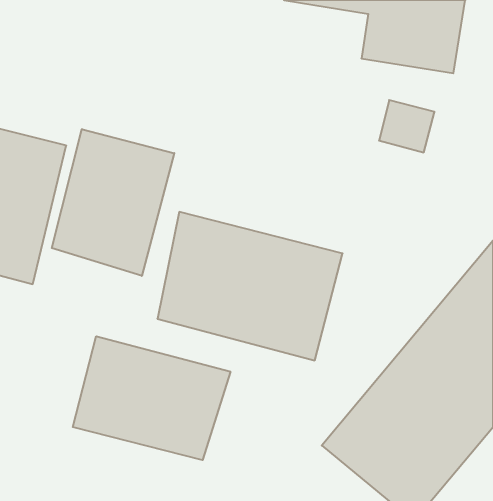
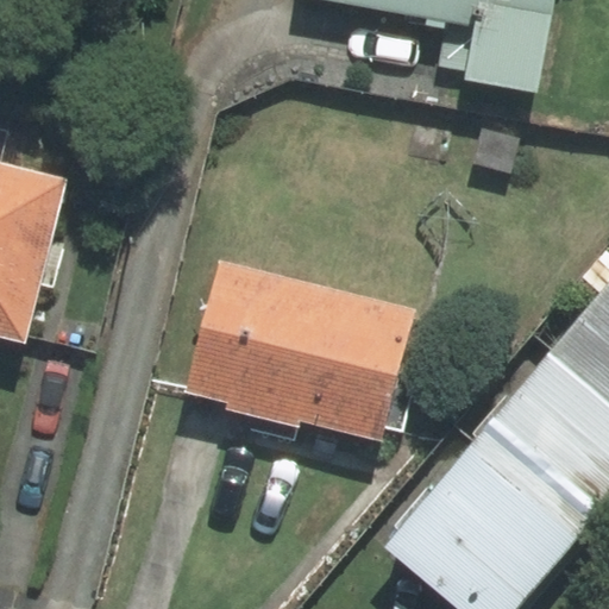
building: [52,129,174,276] -> none
building: [73,336,230,460] -> none

